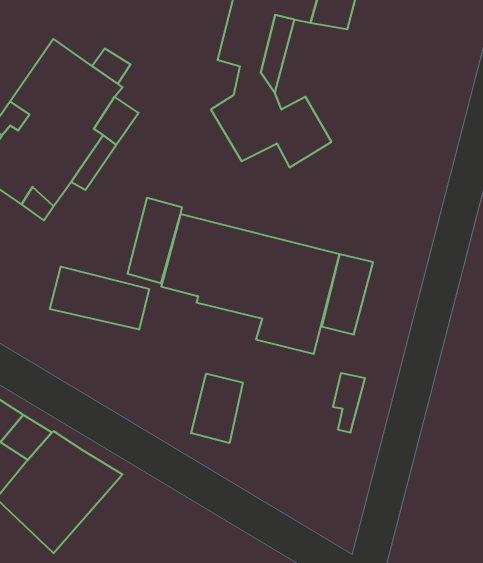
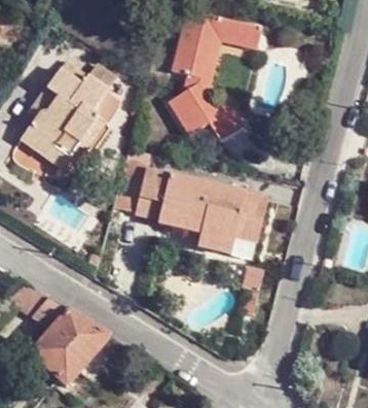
building: [50,267,149,330] -> none
building: [191,374,243,443] -> none

